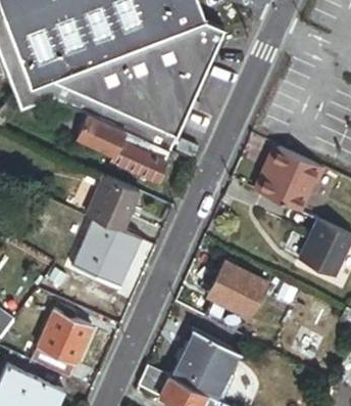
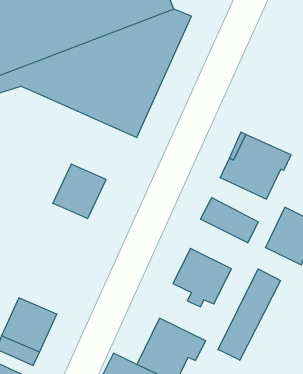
building: [53,102,171,180] -> none
building: none -> [201,198,258,243]
building: [73,219,141,286] -> none
building: none -> [218,269,281,360]

